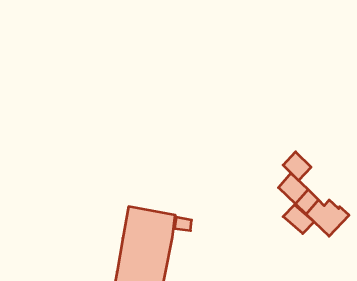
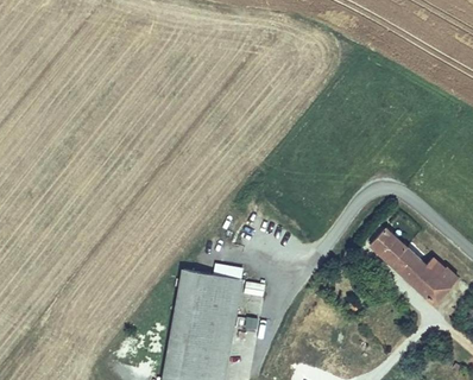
building: [283,152,311,181] -> none
building: [283,205,314,234] -> none

